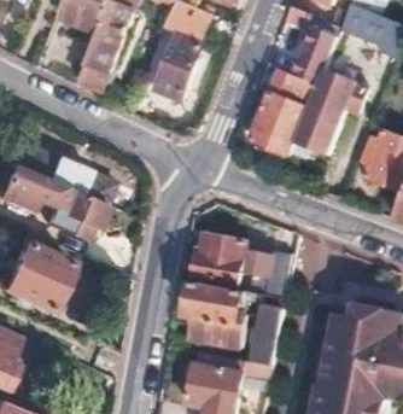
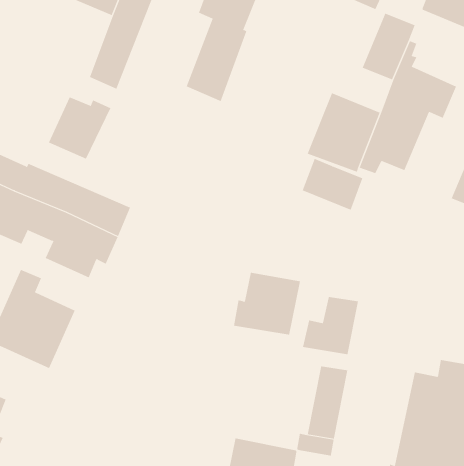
building: [267,66,315,107] -> [302,158,363,210]
building: none -> [48,96,111,160]
building: [183,282,243,346] -> none

